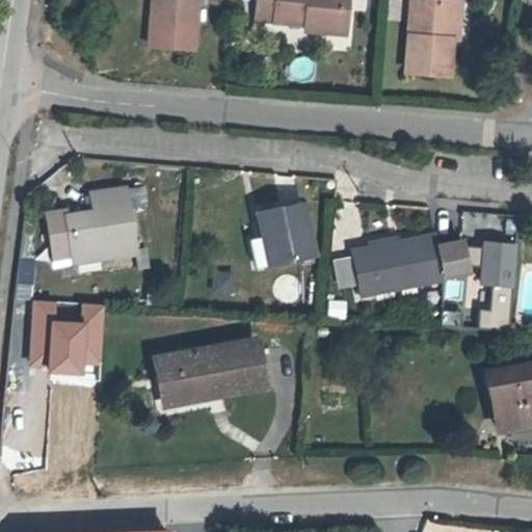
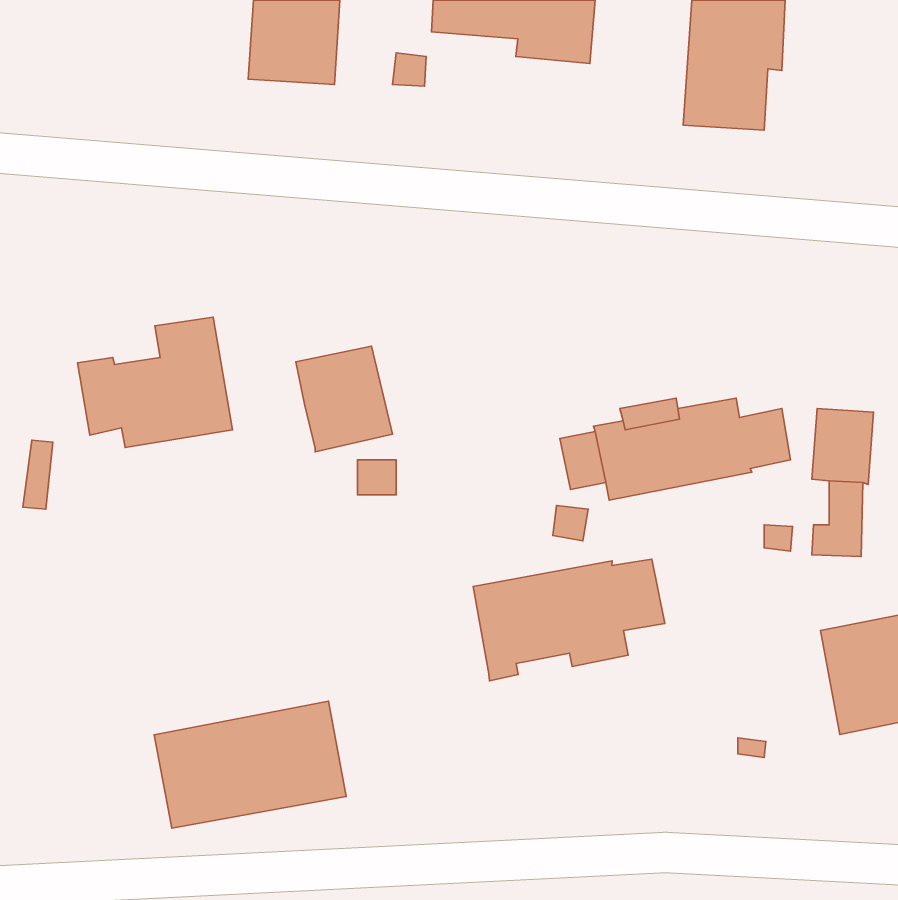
building: [258,203,315,265] -> [296,346,393,452]
building: [31,302,105,375] -> none
building: none -> [473,559,665,681]
building: [152,336,265,410] -> [154,701,346,828]

